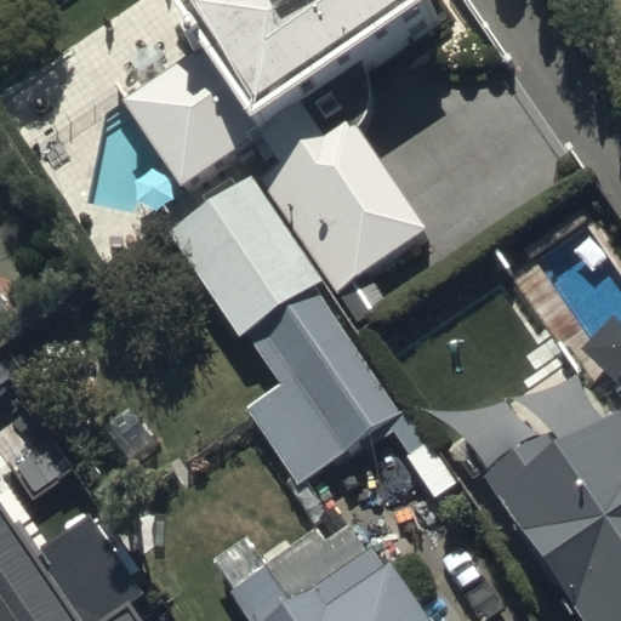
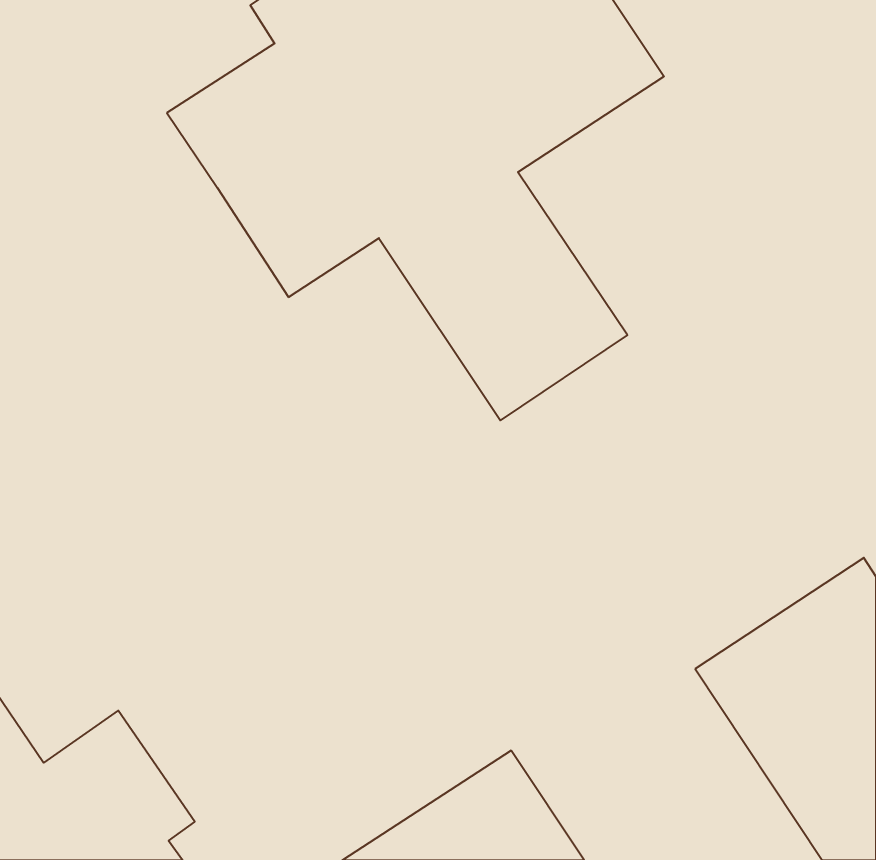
building: [177,200,405,494] -> none

